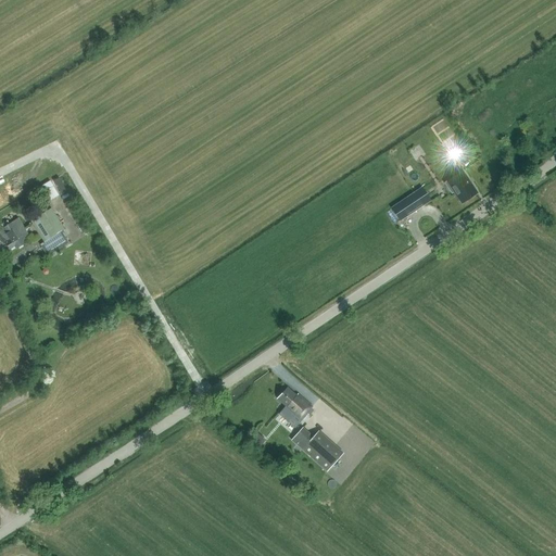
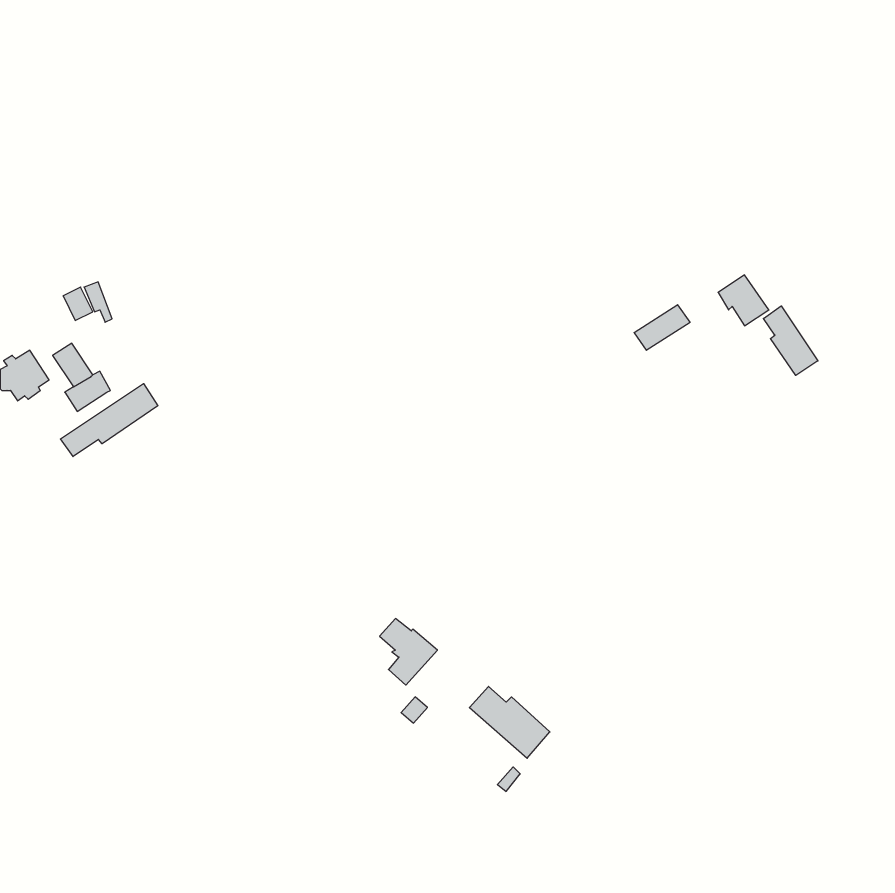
building: none -> [763,306,818,375]
building: none -> [60,384,158,457]
building: [277,387,313,428] -> [380,619,437,685]

